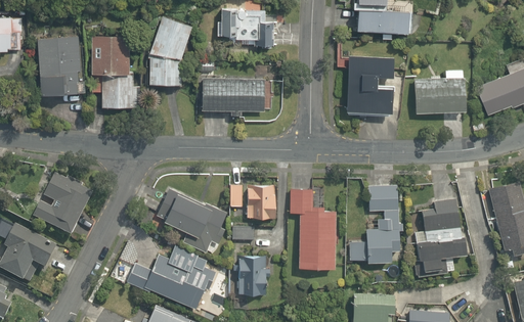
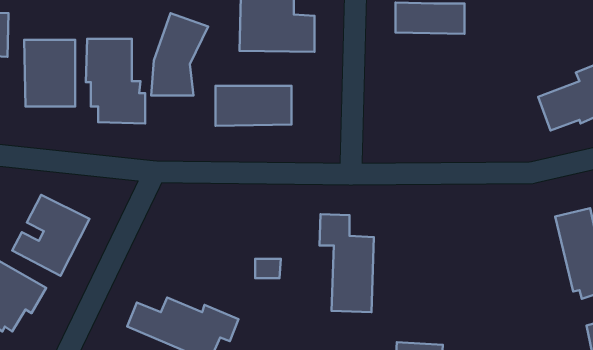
building: [346,52,394,113] -> none
building: [416,70,466,112] -> none
building: [351,181,405,265] -> none
building: [229,183,276,220] -> none
building: [156,191,226,256] -> none
building: [414,199,466,270] -> none
building: [232,257,269,294] -> none

